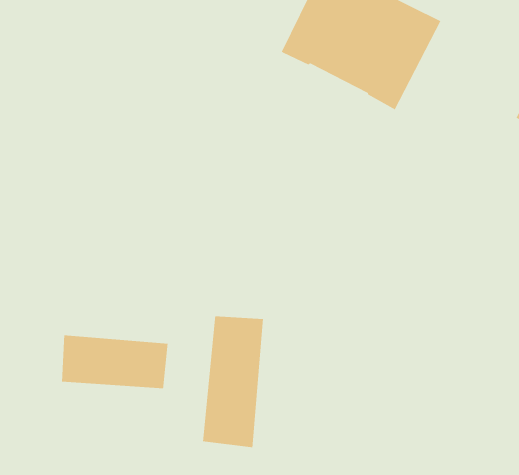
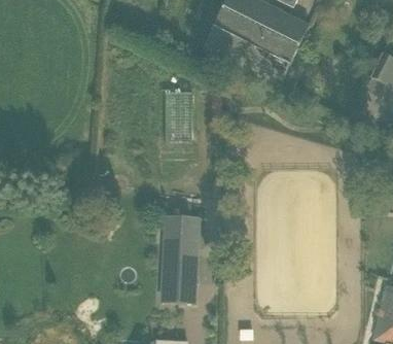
building: [61,334,169,389] -> none

